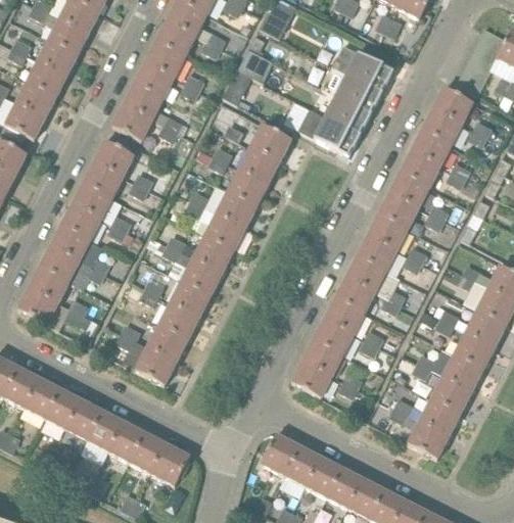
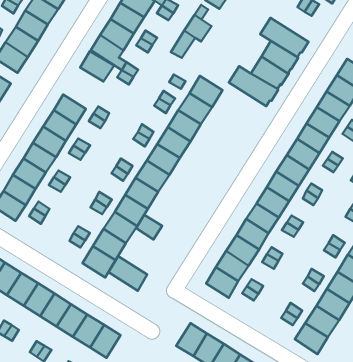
building: [93,140,134,177] -> none
building: none -> [136,215,162,239]
building: none -> [109,256,147,291]

